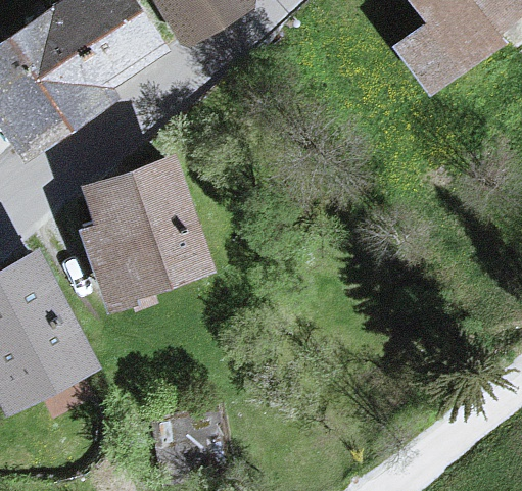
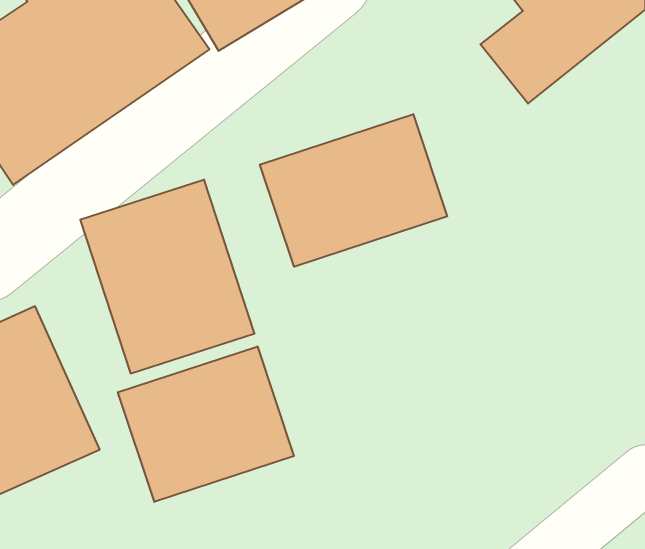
building: none -> [260,114,447,267]
building: none -> [118,346,294,502]

